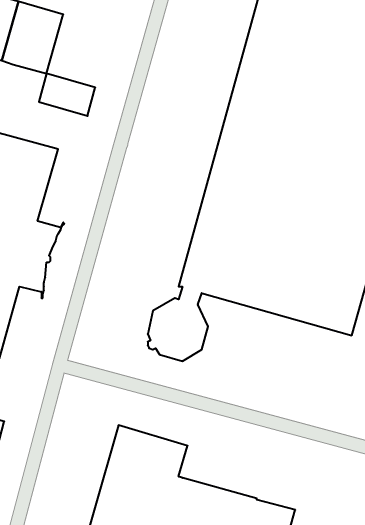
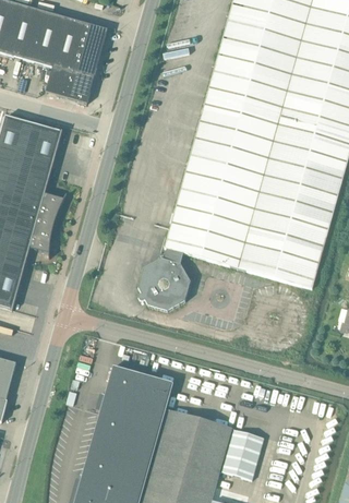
building: none -> [52,16,108,79]

